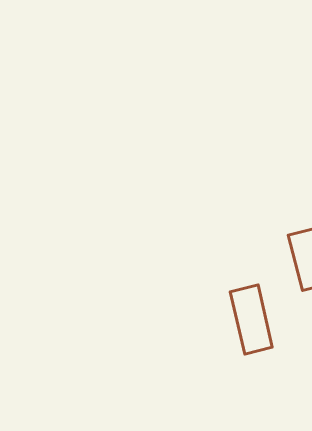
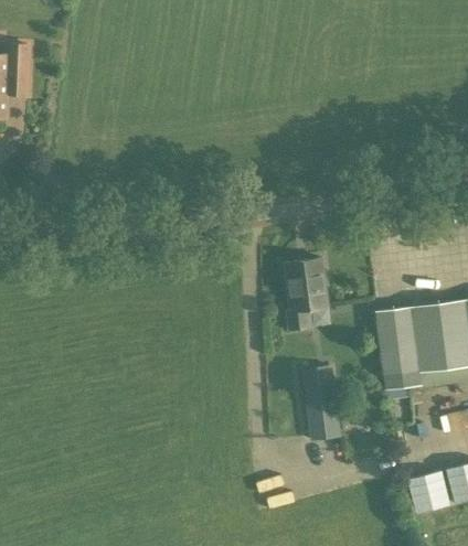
building: none -> [285,259,330,326]

